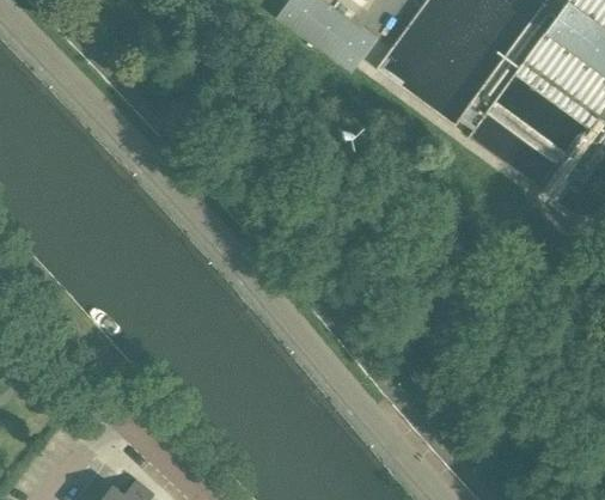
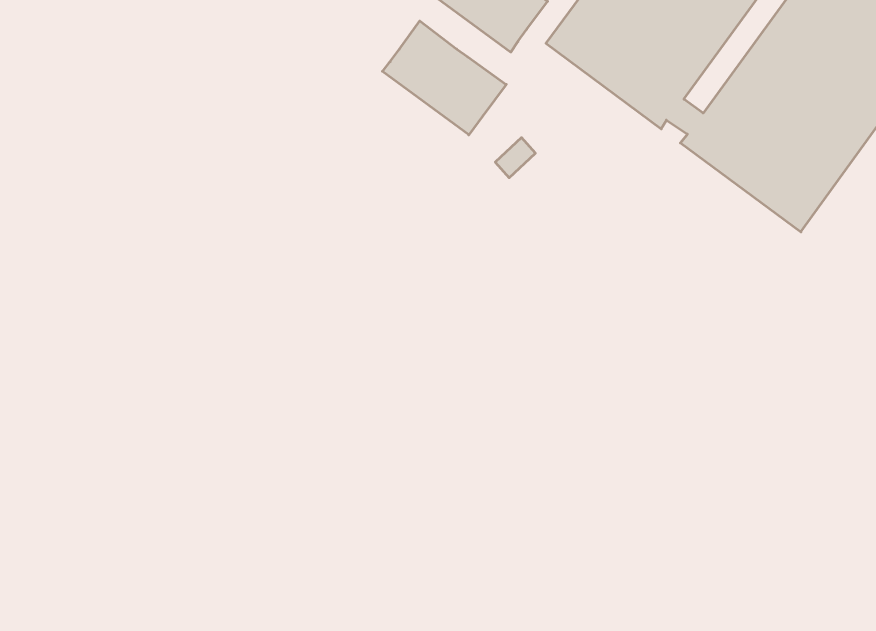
building: none -> [382,21,506,135]

